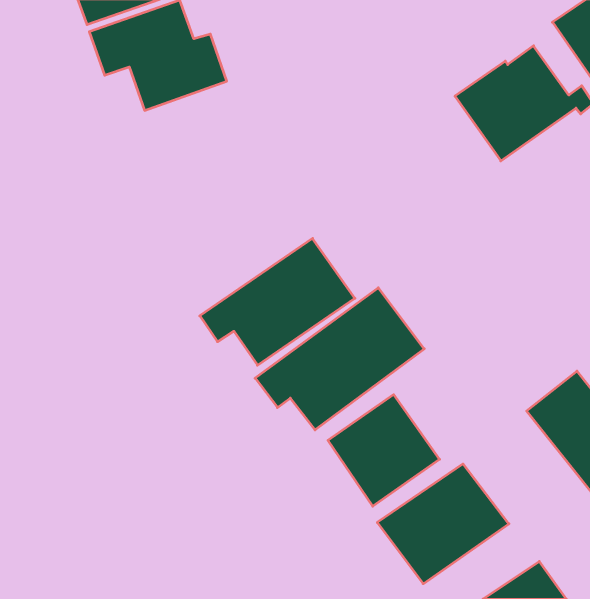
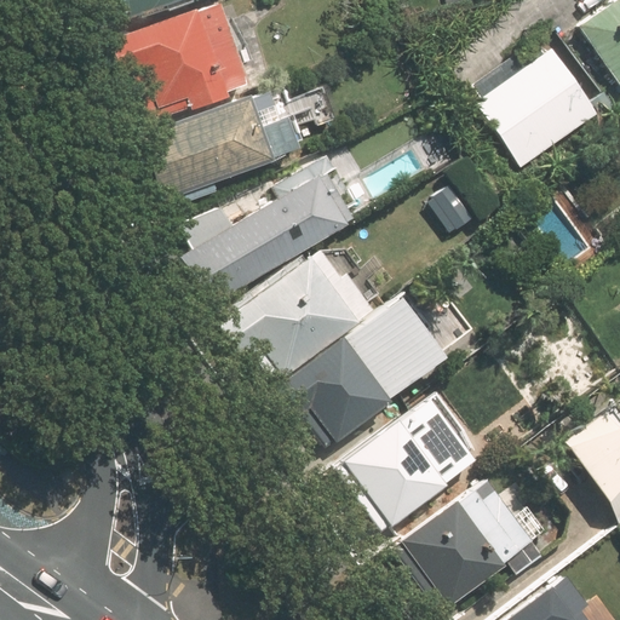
building: none -> [139,93,305,200]
building: none -> [171,163,349,306]

